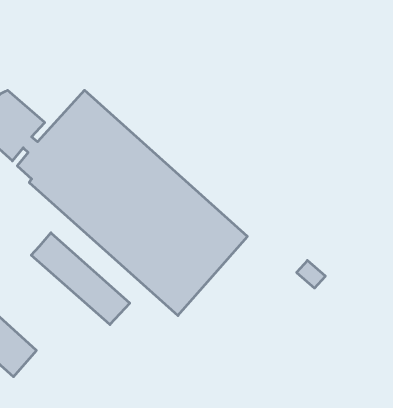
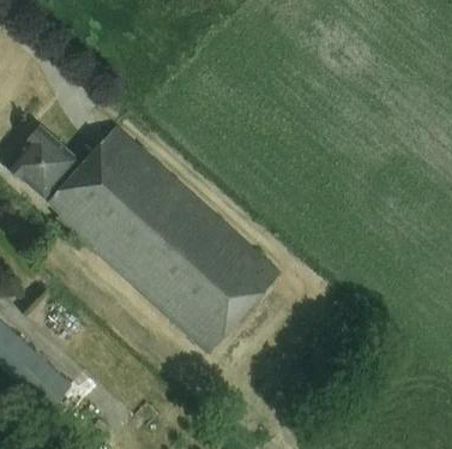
building: [31,233,130,325] -> none

